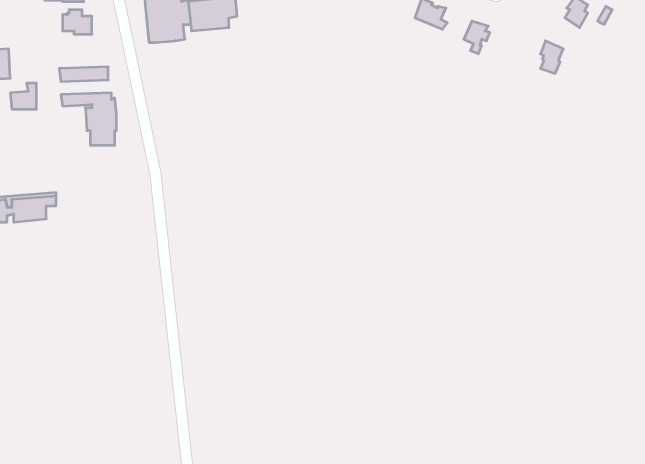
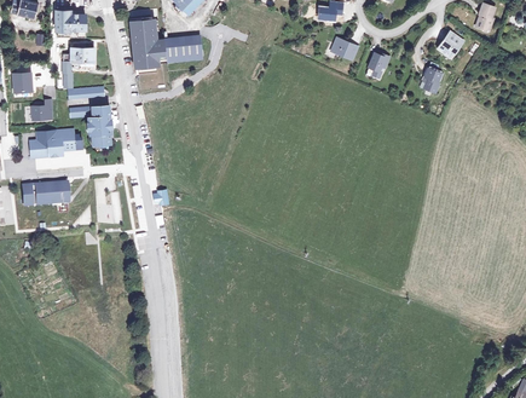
building: none -> [29,128,80,156]

